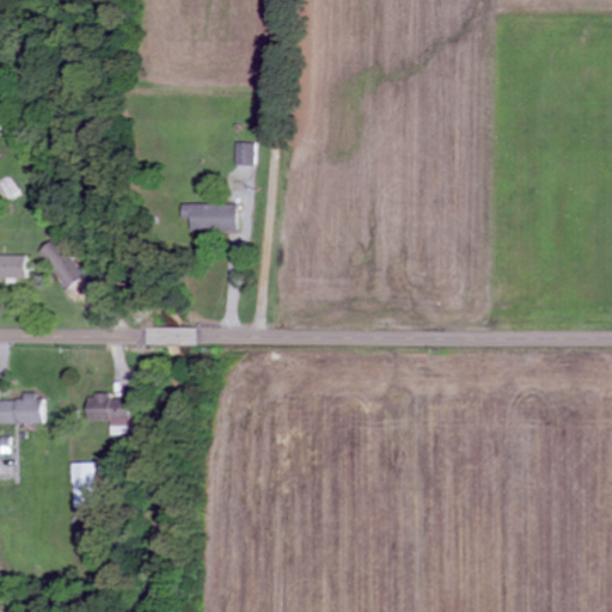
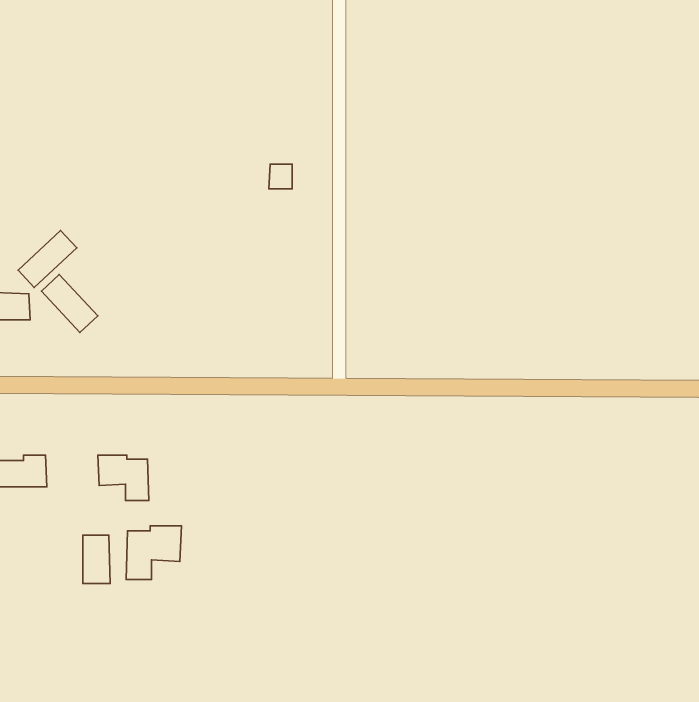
building: none -> [18,230,77,287]
building: [179,202,235,230] -> none
building: none -> [126,526,181,579]

